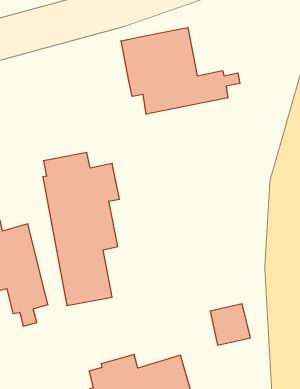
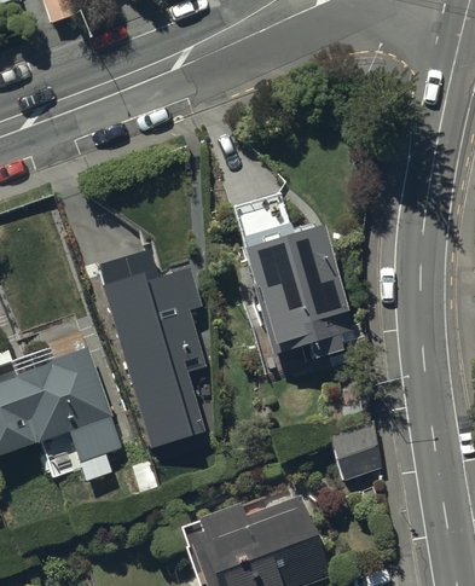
building: [121,27,240,114] -> none
building: none -> [236,197,358,359]

